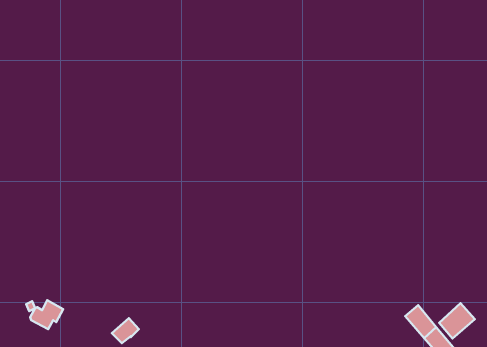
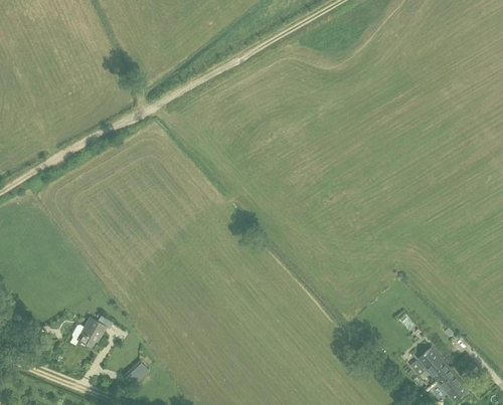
building: [30,300,63,329] -> [72,318,106,347]
building: [439,303,475,339] -> none

